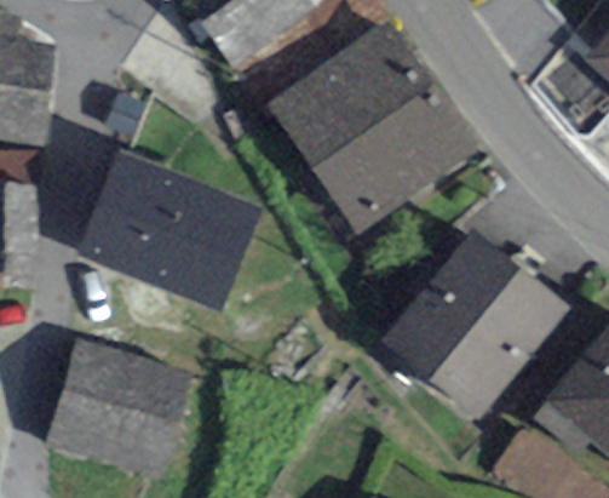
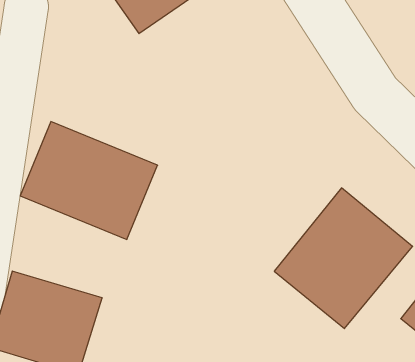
building: [281,40,459,221] -> none

